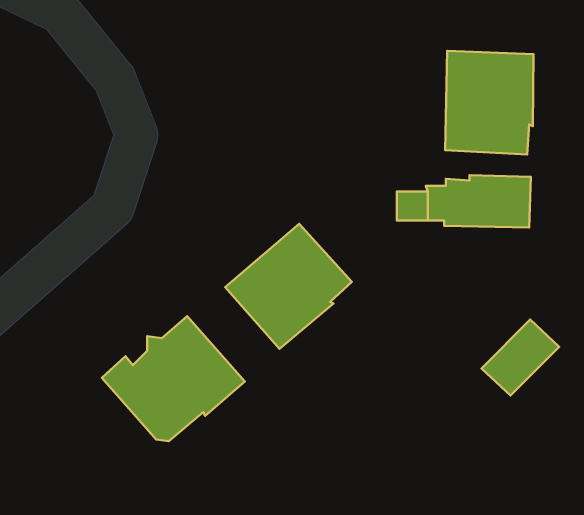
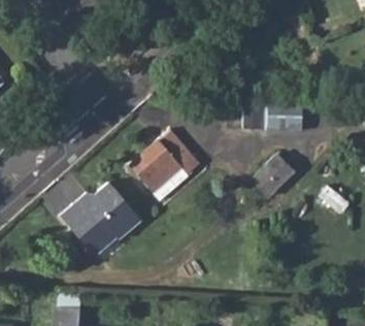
building: [445,51,534,154] -> none
building: [481,320,559,396] -> [252,154,296,197]

